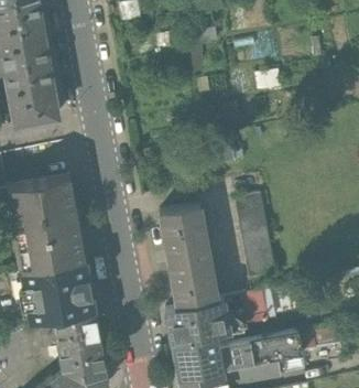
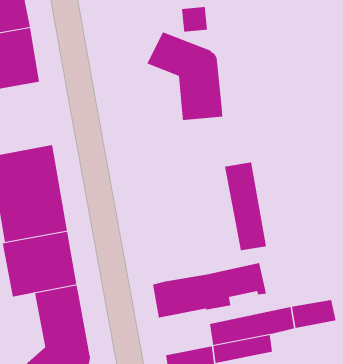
building: none -> [146,31,223,121]
building: [159,204,217,306] -> none
building: [171,333,222,377] -> none

